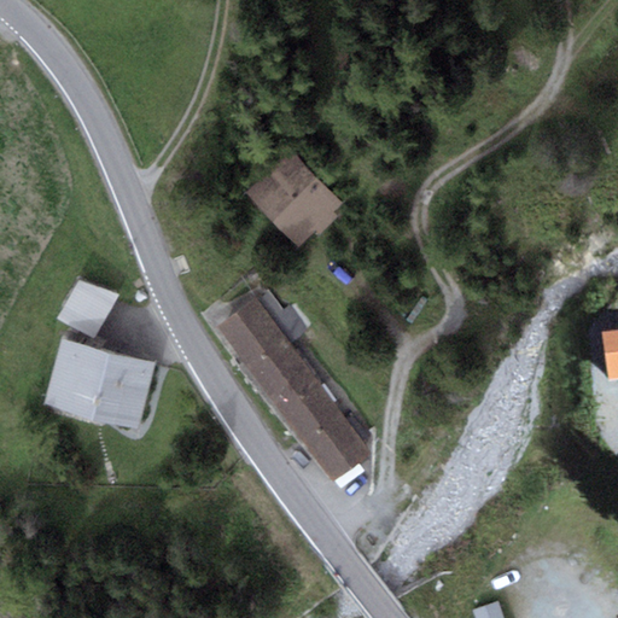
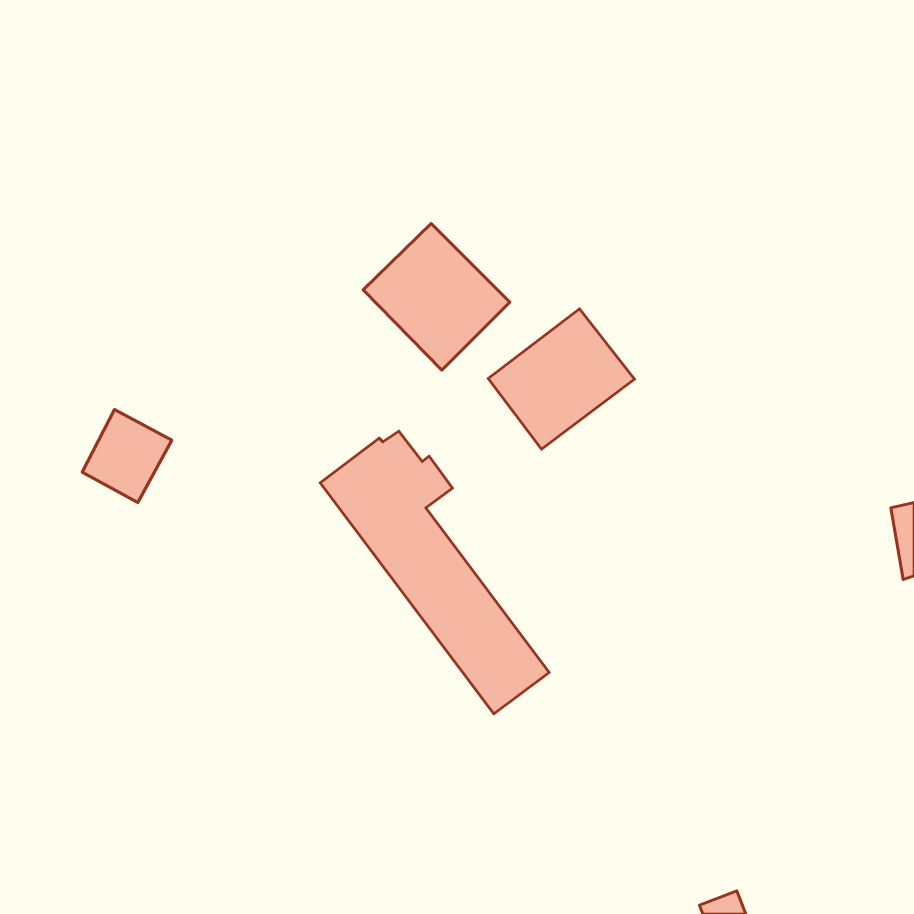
building: none -> [488,309,635,449]
building: [43,339,154,428] -> none

